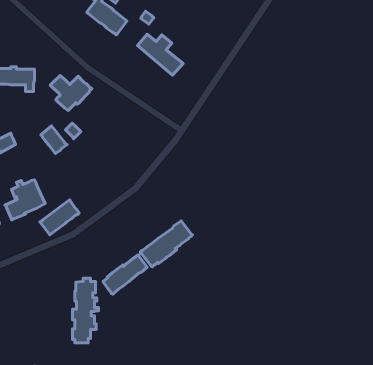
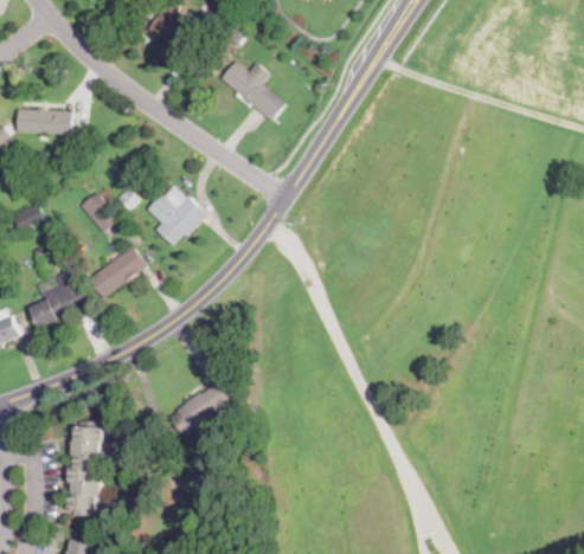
building: [50,75,92,111] -> [146,194,206,245]
building: [40,200,79,235] -> [88,246,145,297]
building: [140,221,193,267] -> none
building: [72,278,99,343] -> [68,421,105,515]

